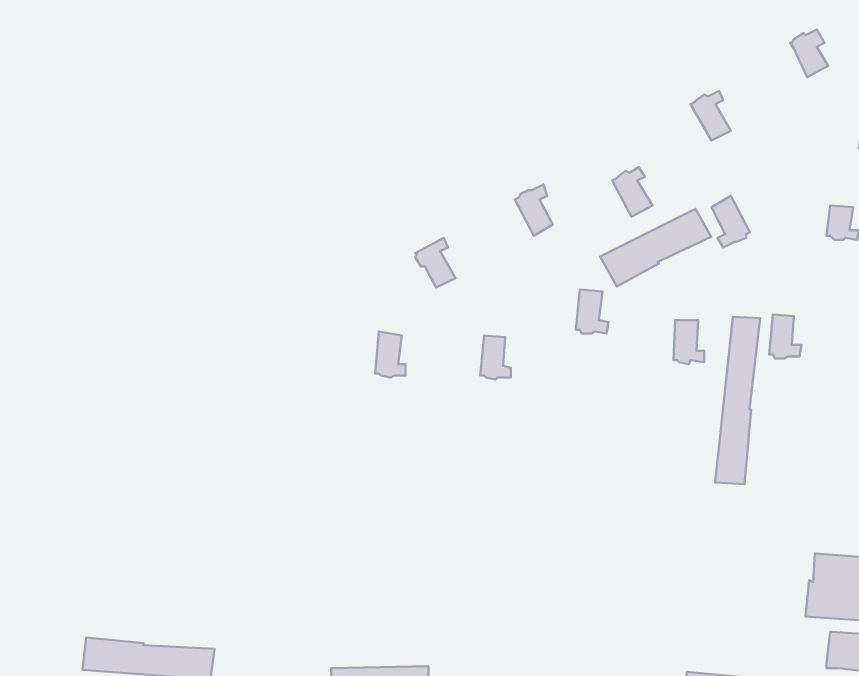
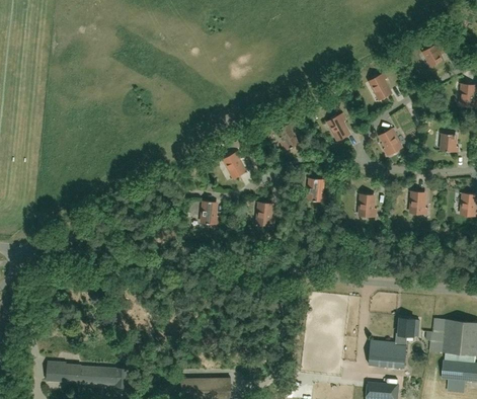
building: [600,209,711,286] -> none
building: [715,317,760,484] -> none
building: none -> [369,318,415,369]

